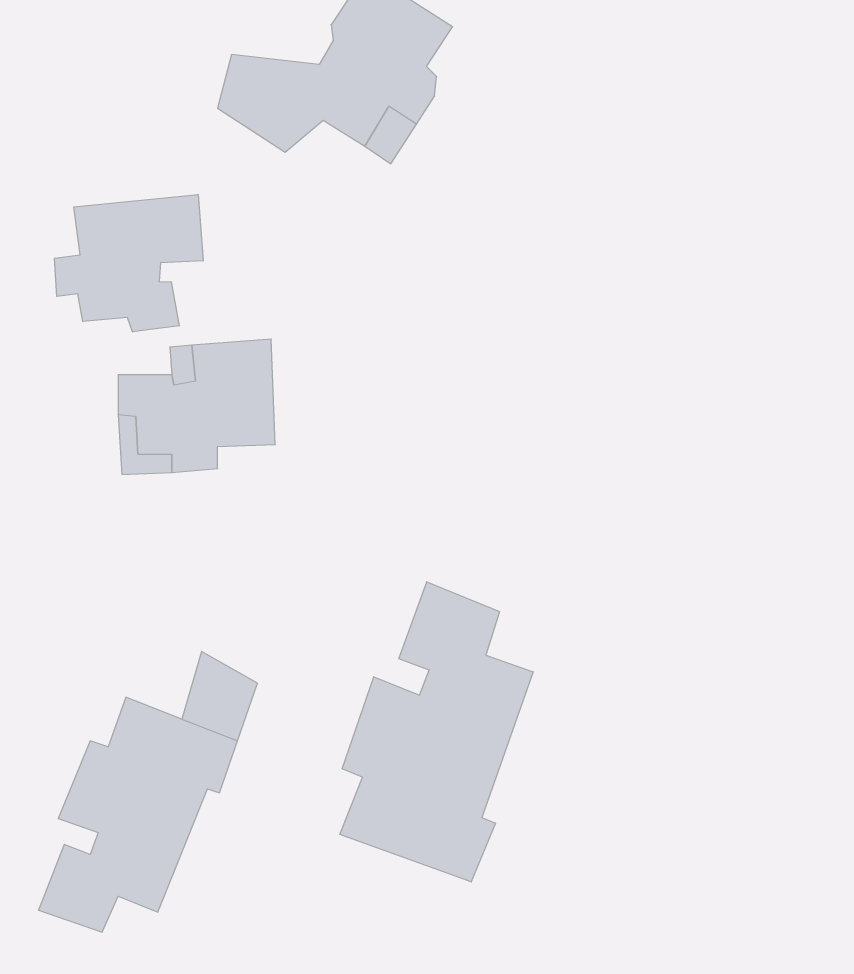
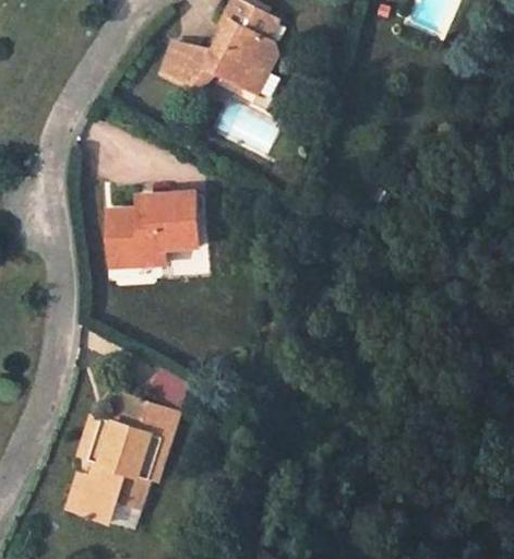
building: [55,194,203,332] -> none
building: [340,582,533,882] -> none

